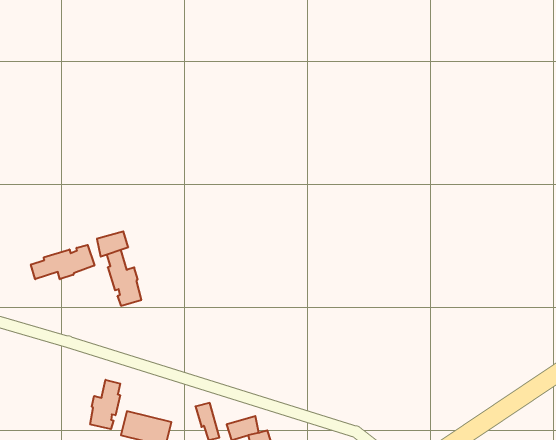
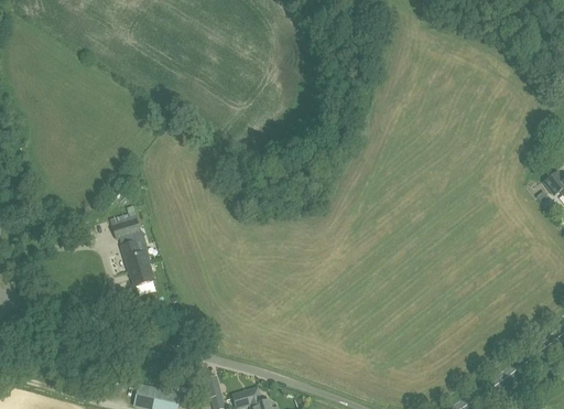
building: [31,245,94,279] -> none
building: [90,380,120,429] -> none

